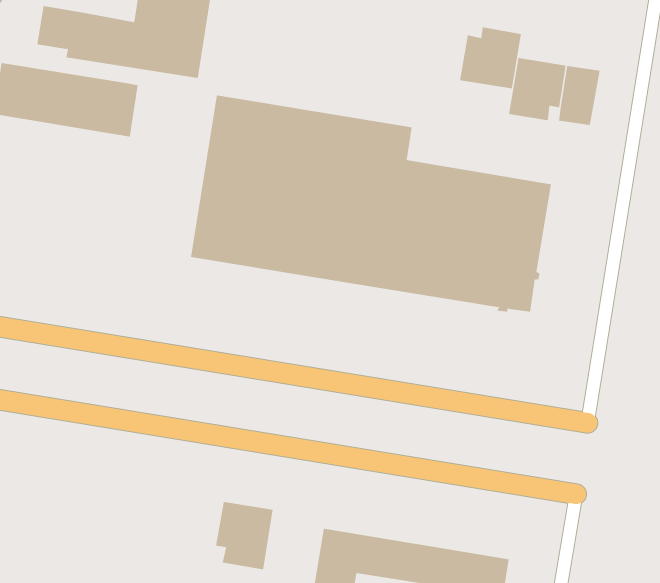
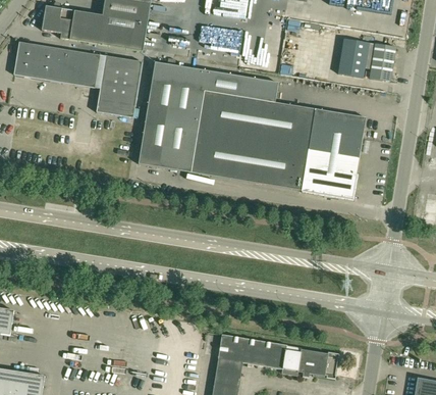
building: [460,26,522,89] -> none
building: none -> [96,55,142,118]
building: [216,501,273,570] -> none

